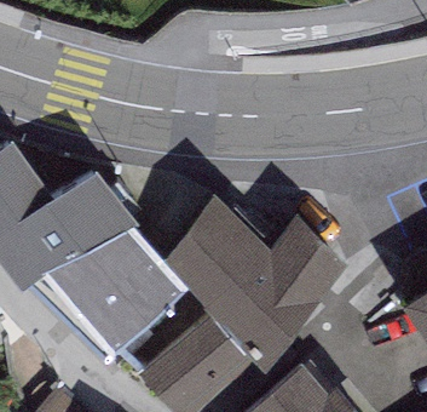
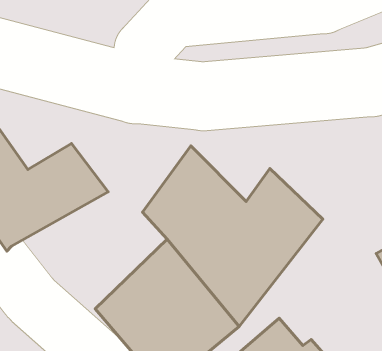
building: [31,231,191,362] -> none

